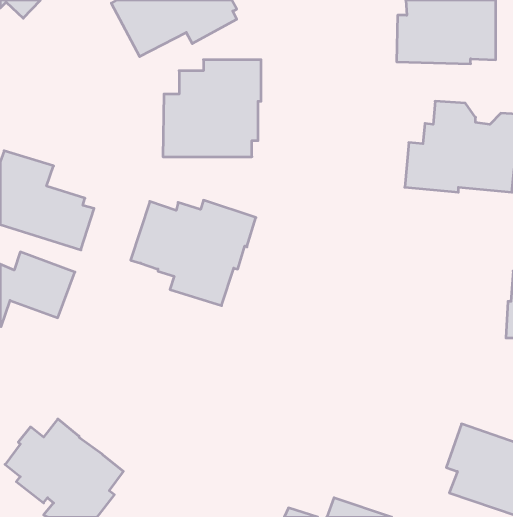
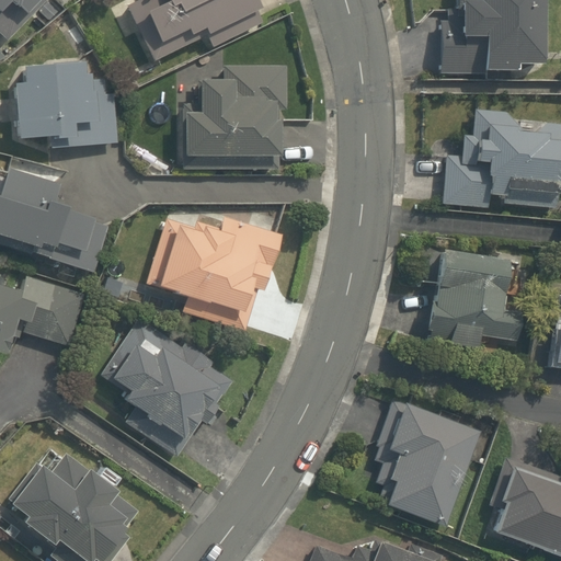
building: none -> [12,59,116,144]
building: none -> [426,250,522,347]
building: none -> [101,318,226,456]
building: none -> [375,400,483,527]

